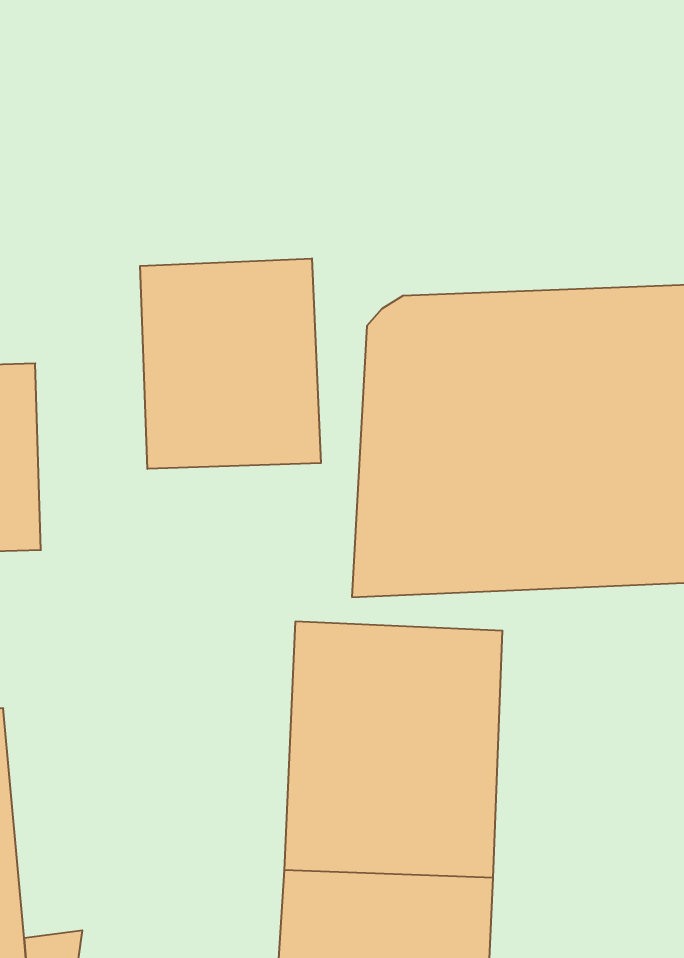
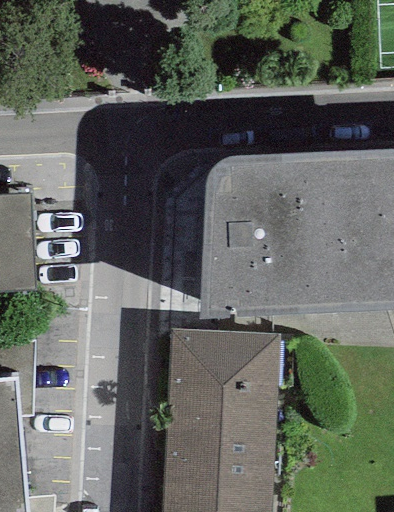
building: [140,258,321,469] -> none

